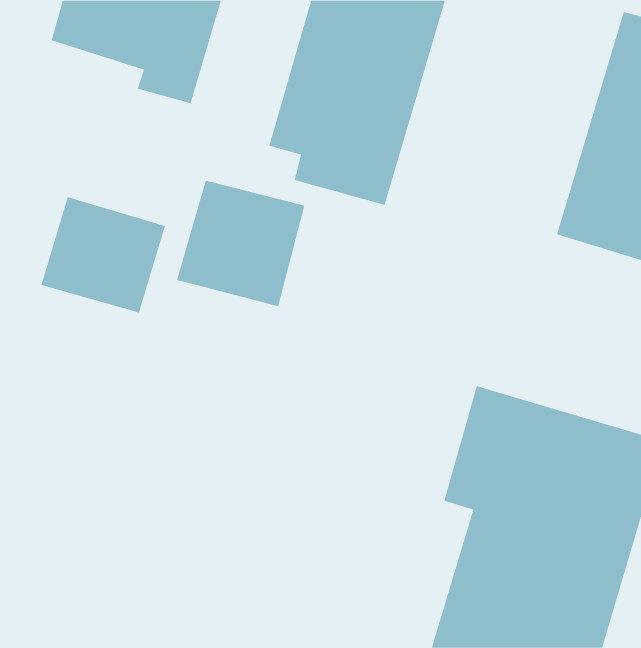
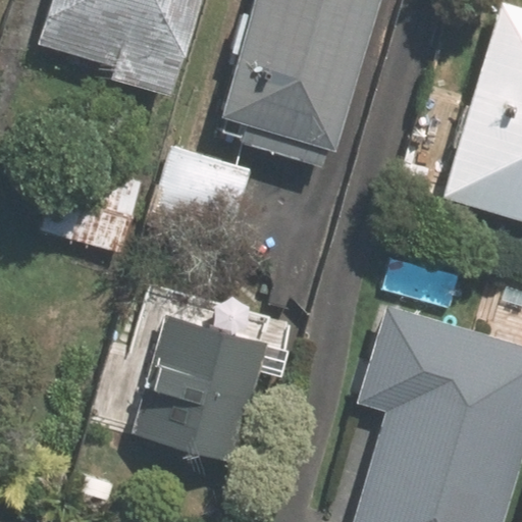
building: none -> [140,317,266,455]

